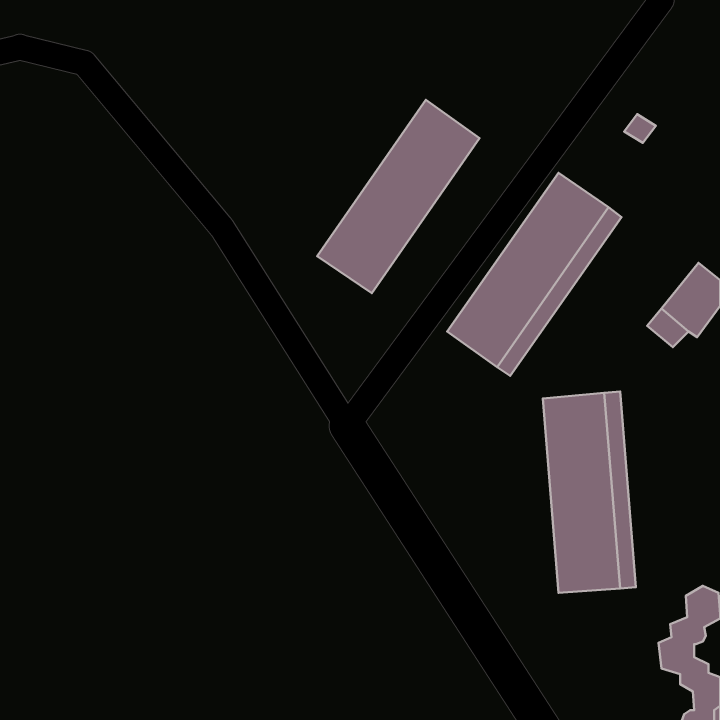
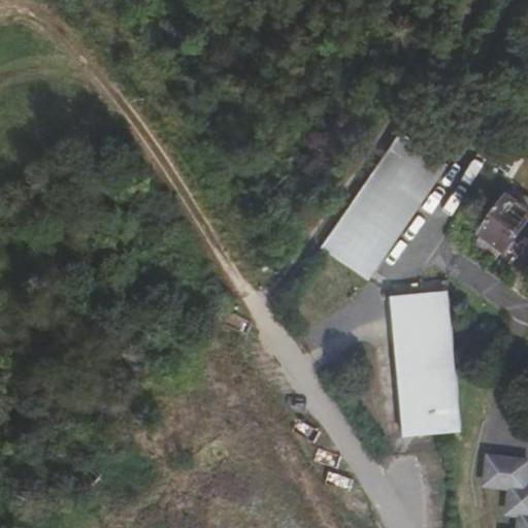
building: [317,100,480,293] -> none

